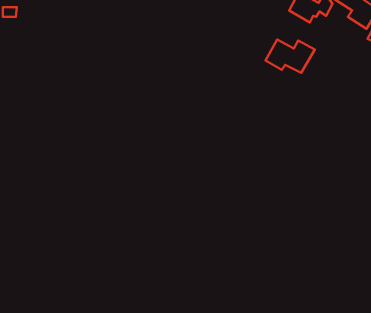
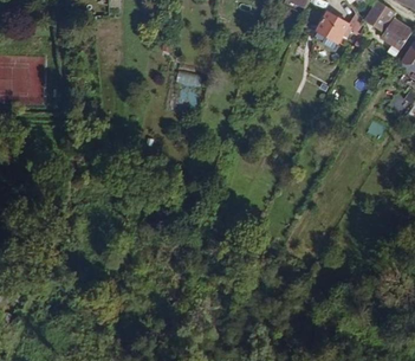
building: [265,40,315,73] -> none

